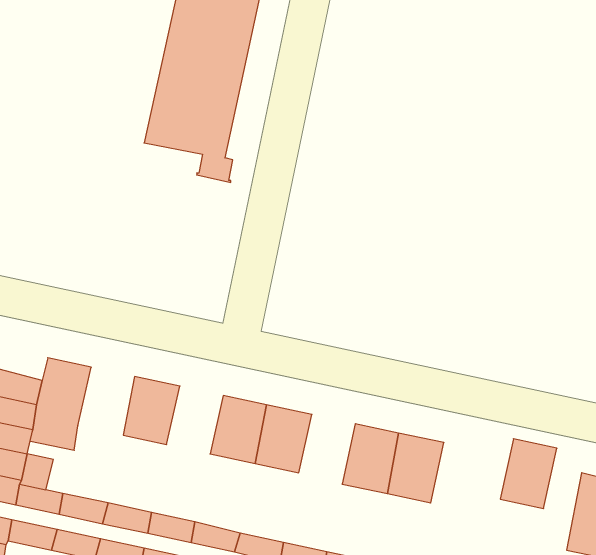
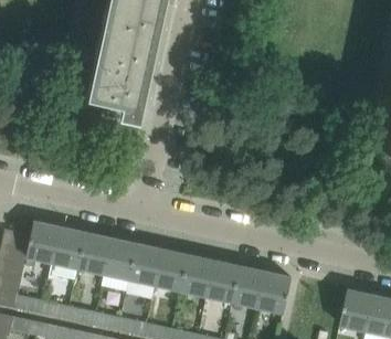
building: none -> [53,227,86,267]
building: none -> [105,239,138,278]
building: none -> [182,255,215,296]
building: [500,439,557,509] -> [260,272,293,312]

